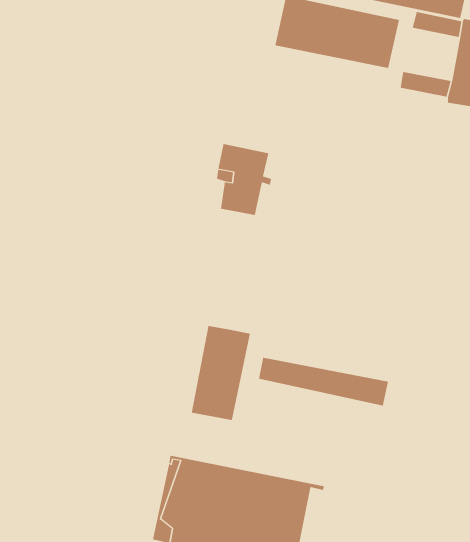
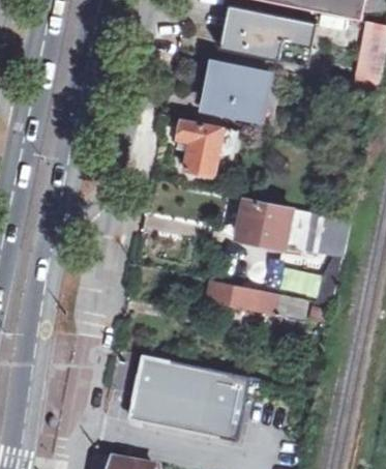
building: none -> [206,62,269,119]
building: none -> [236,199,350,251]
building: [191,325,250,421] -> none

